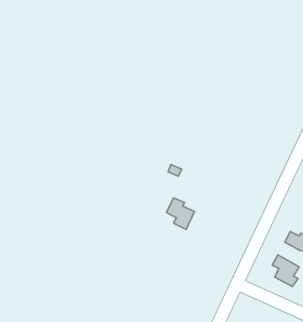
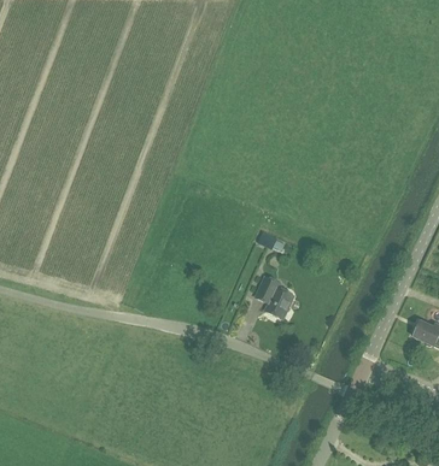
building: [272,255,299,287] -> none

